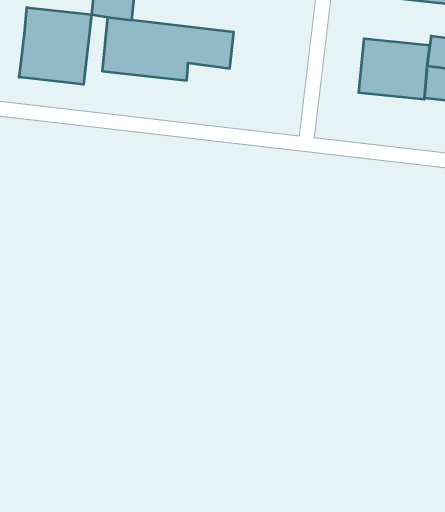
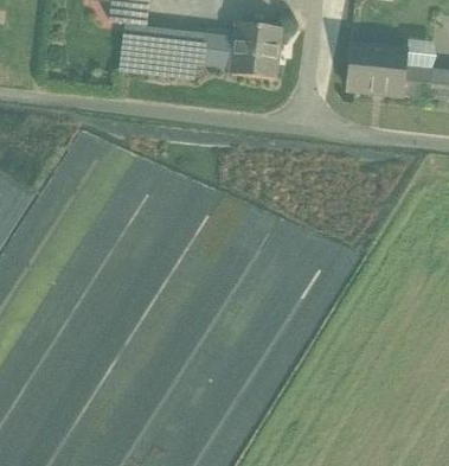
building: [19,7,91,84] -> none
building: none -> [233,21,282,78]

